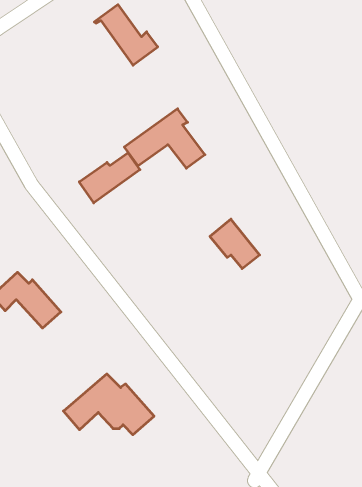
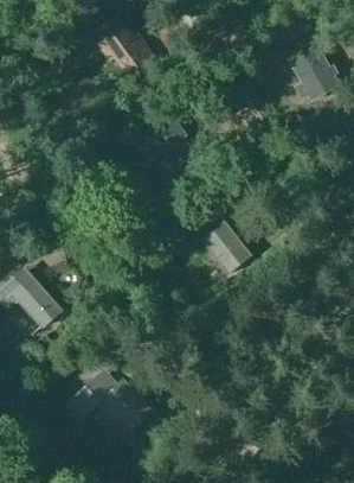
building: none -> [287,38,340,100]
building: [79,153,140,203] -> none

